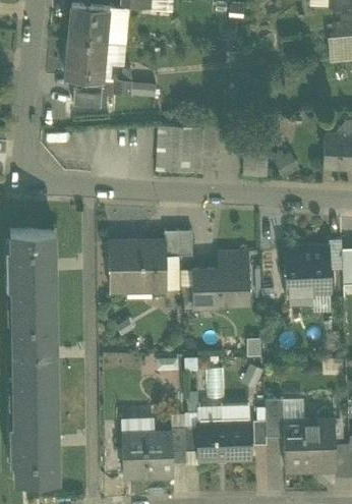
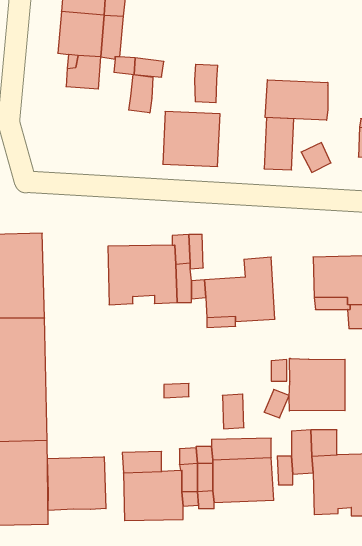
building: none -> [195,64,218,103]
building: none -> [129,75,153,113]
building: none -> [265,80,328,120]
building: none -> [289,358,345,411]
building: none -> [48,457,106,510]

